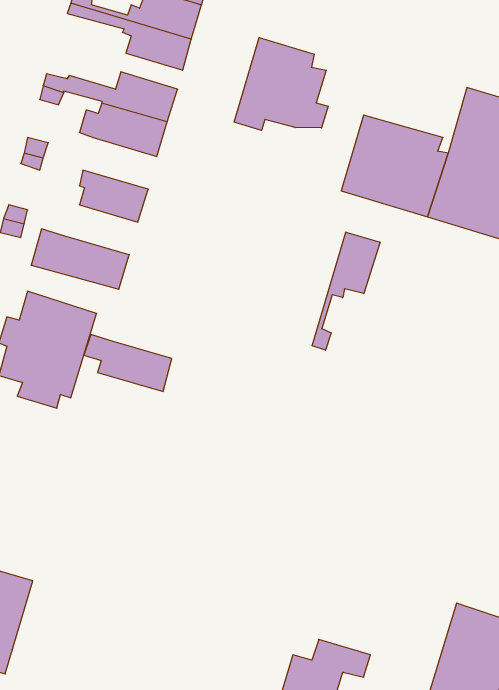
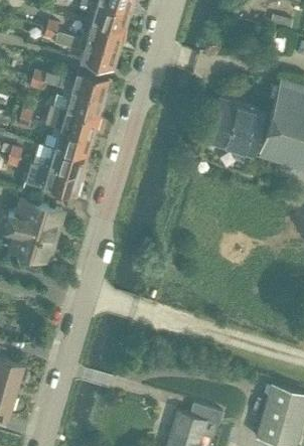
building: [234,37,328,130] -> none
building: none -> [54,110,98,140]
building: [312,232,380,350] -> none
building: [84,334,172,391] -> [35,145,87,178]

